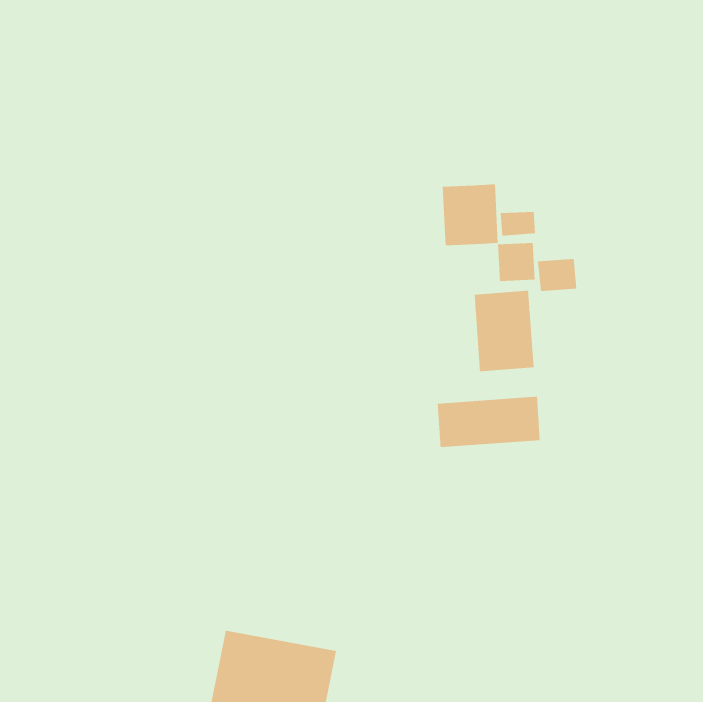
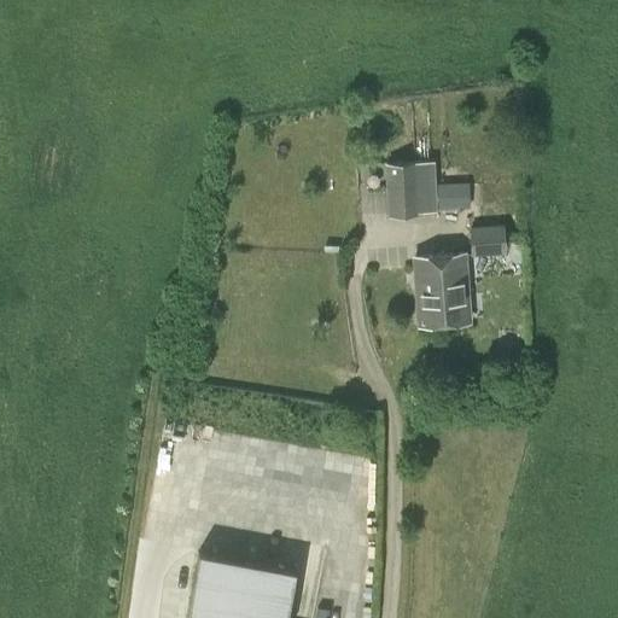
building: [497,242,535,282] -> none
building: [437,396,540,448] -> none

